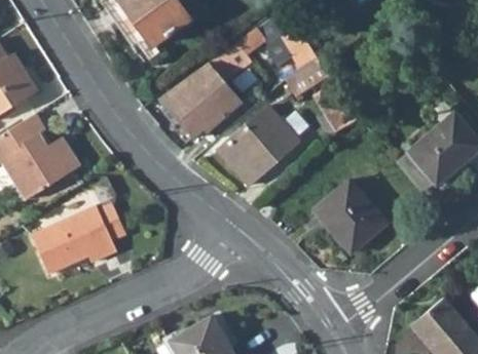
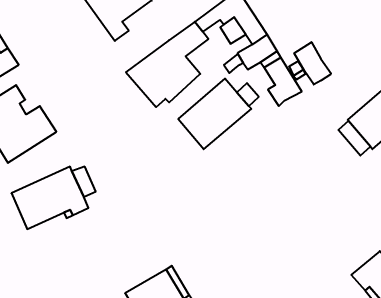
building: none -> [294,42,331,85]
building: [315,180,385,252] -> none

